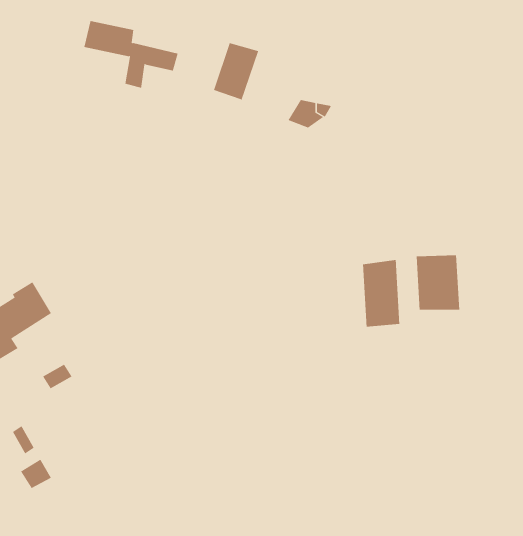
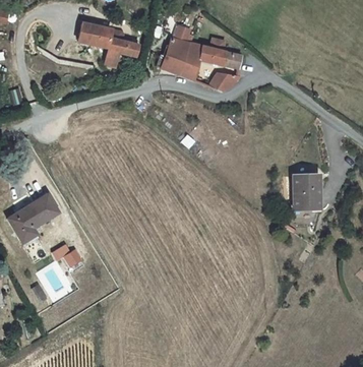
building: none -> [181,38,242,81]
building: [362,259,400,327] -> none

